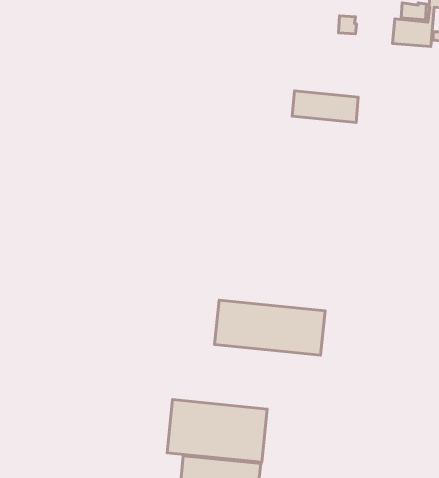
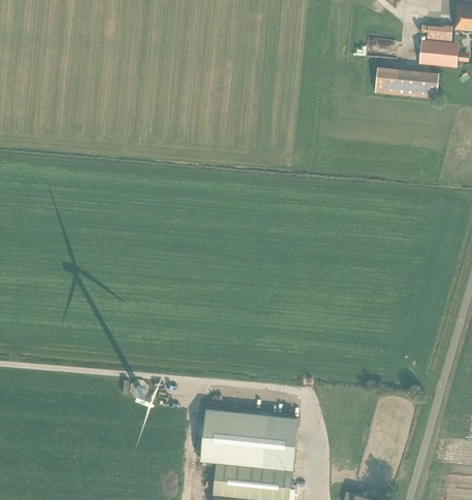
building: [292,91,358,123] -> [375,67,439,98]
building: [214,300,325,355] -> none

